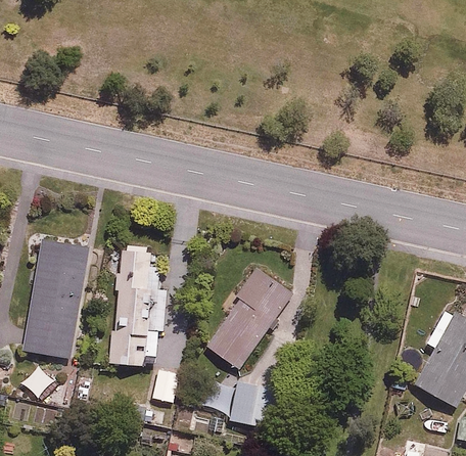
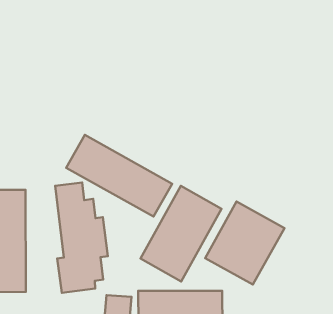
building: none -> [66,135,172,217]
building: none -> [205,202,284,285]

